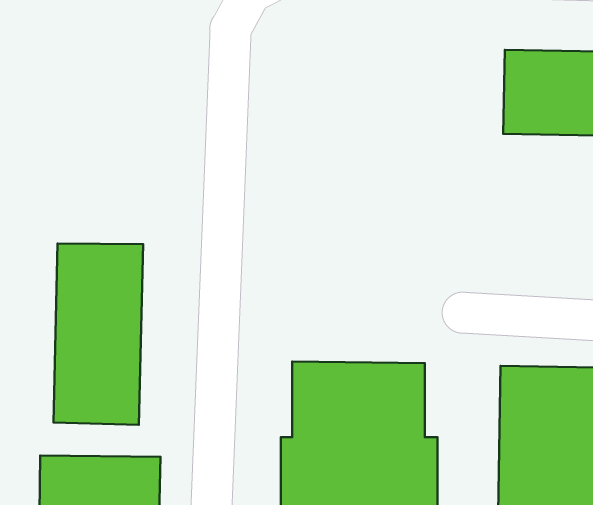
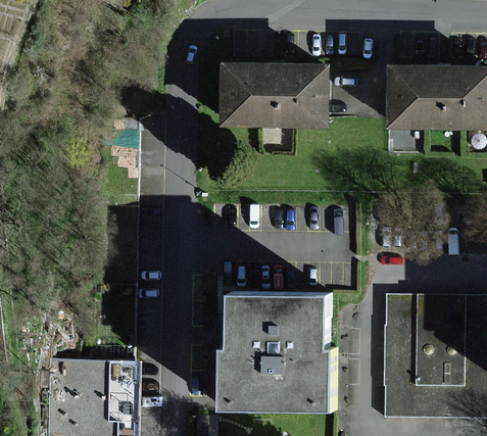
building: none -> [220,61,331,125]
building: [53,244,143,425] -> none

